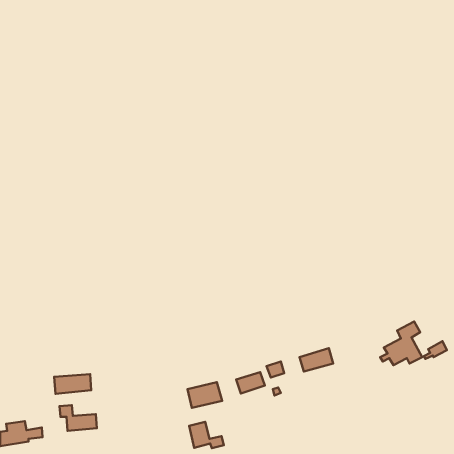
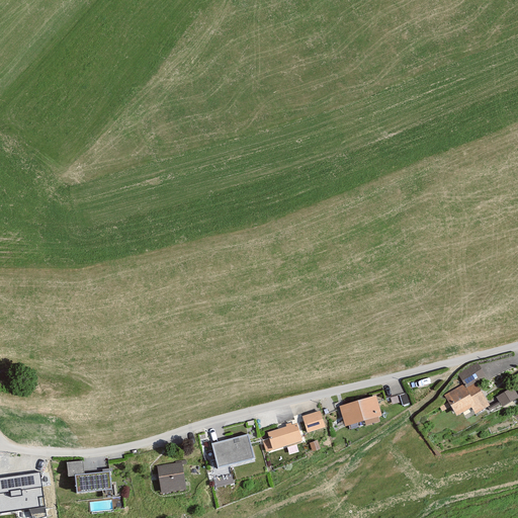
building: [54,374,91,394] -> none
building: none -> [159,463,185,491]
building: [189,422,224,448] -> none

